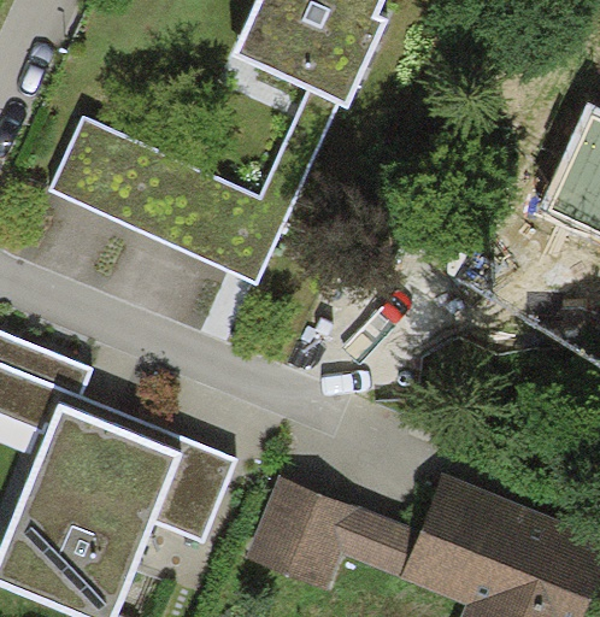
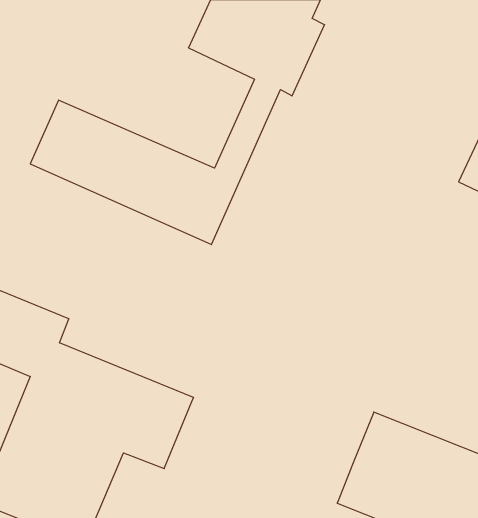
building: [247,475,420,590] -> none

